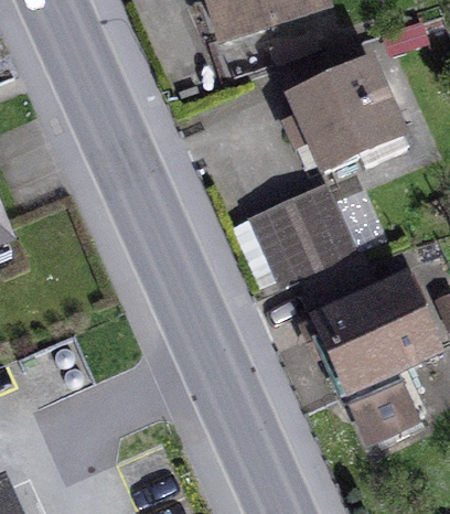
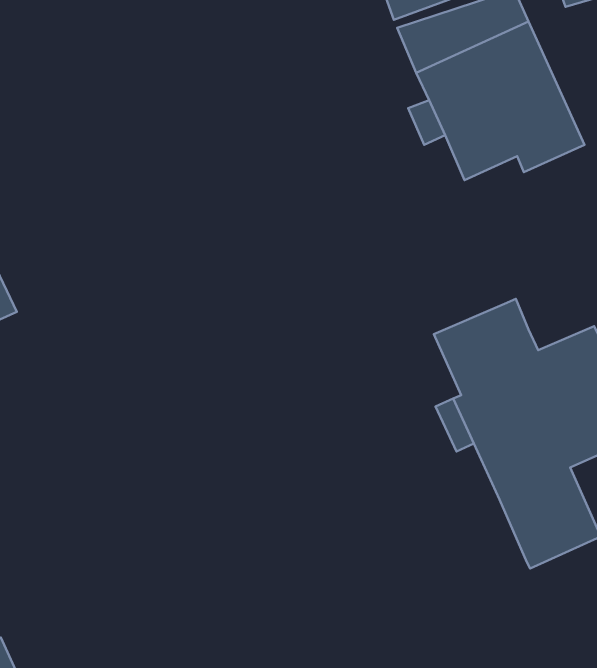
building: [259,191,353,281] -> none

